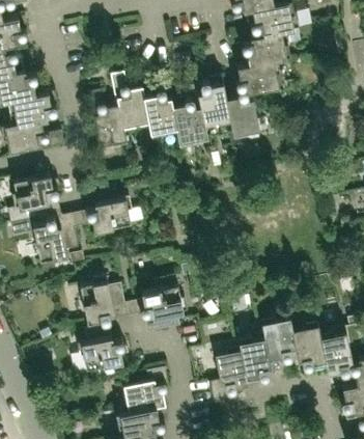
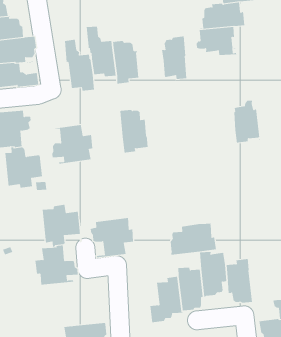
building: [226,90,259,140] -> [233,100,260,143]
building: [170,99,206,148] -> [119,110,148,153]
building: none -> [163,223,217,255]
building: [318,330,352,377] -> none
building: [121,369,168,415] -> none

